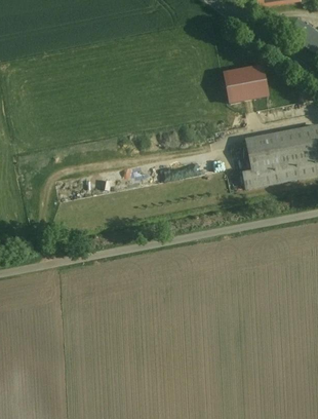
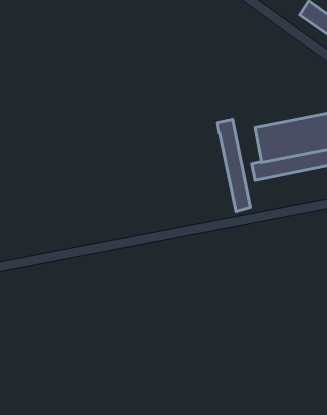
building: [223,63,269,102] -> none
building: none -> [217,120,251,211]

